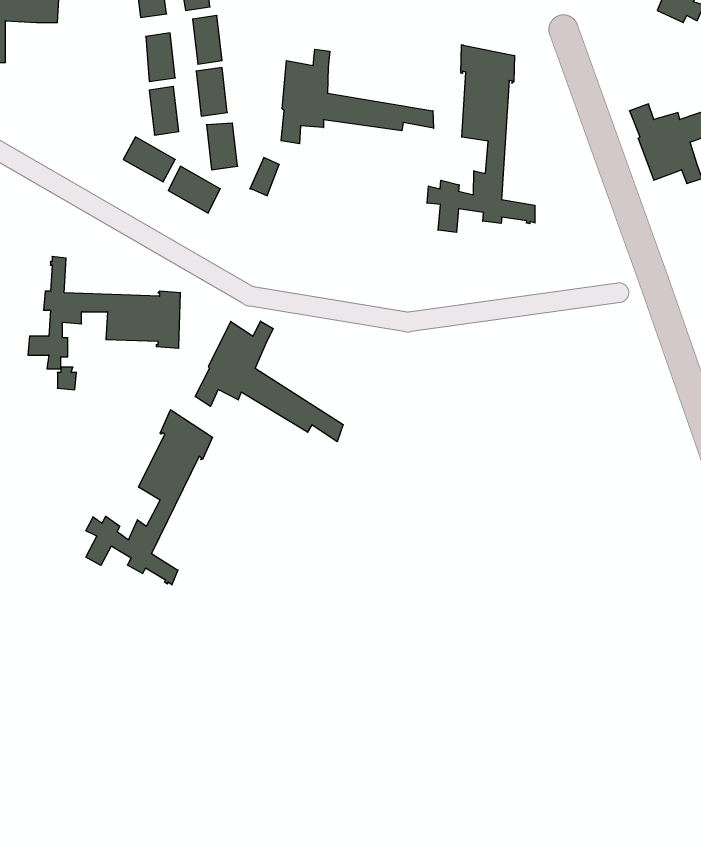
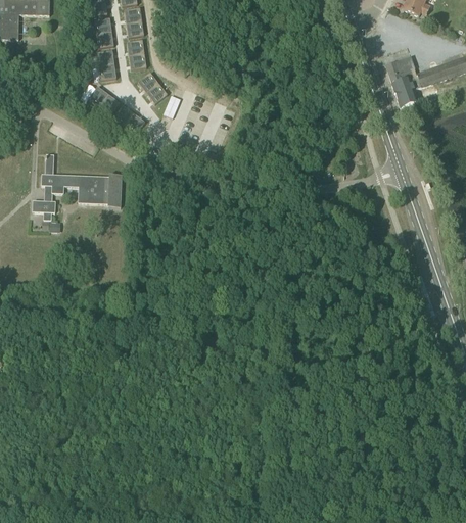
building: [427,45,535,232] -> none
building: [281,49,434,144] -> none
building: [195,321,343,442] -> none
building: [86,410,213,585] -> none

